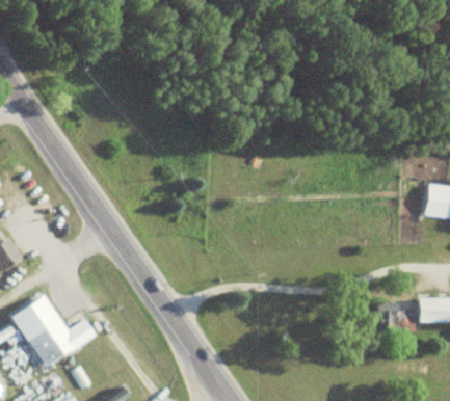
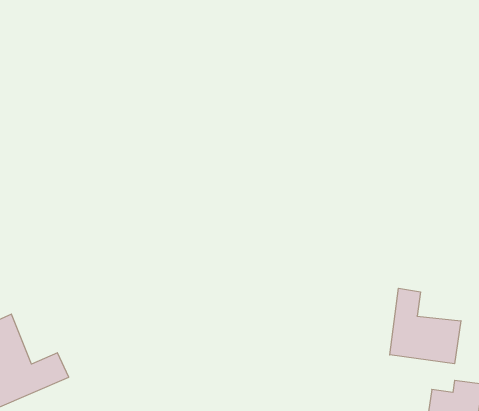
building: none -> [390,288,461,364]

